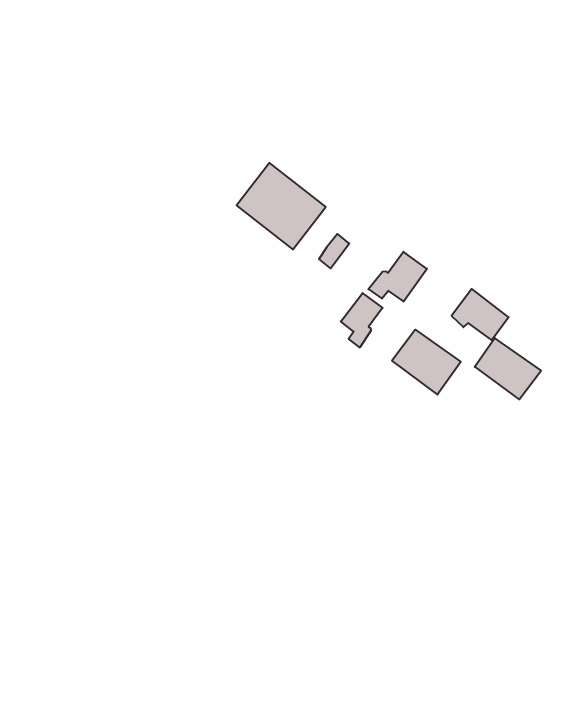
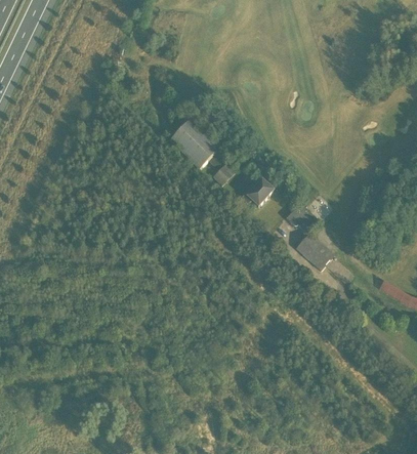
building: [341,293,383,348] -> none
building: [392,330,461,395] -> none

